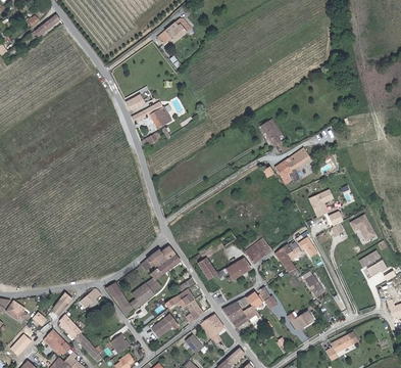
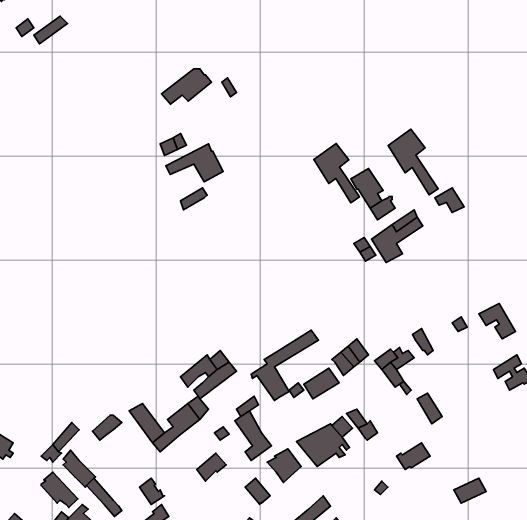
building: [158,19,193,44] -> [162,69,212,104]
building: none -> [388,129,438,195]
building: none -> [314,144,360,203]
building: [308,188,333,217] -> none

